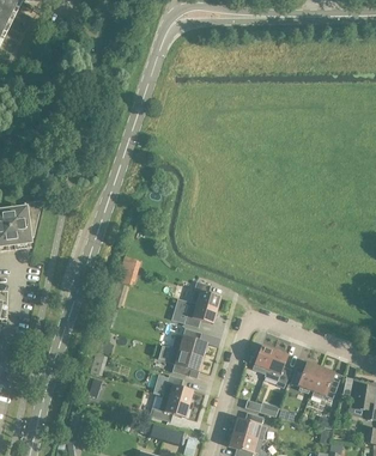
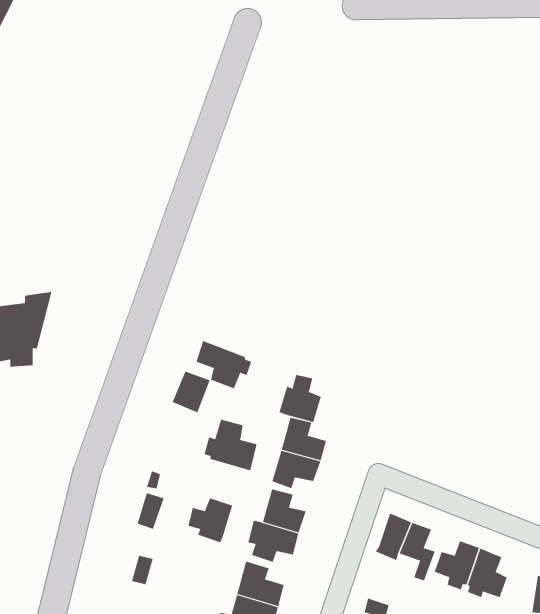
building: none -> [196,340,252,389]
building: none -> [279,374,321,423]
building: none -> [204,419,257,471]
building: none -> [188,497,233,543]

